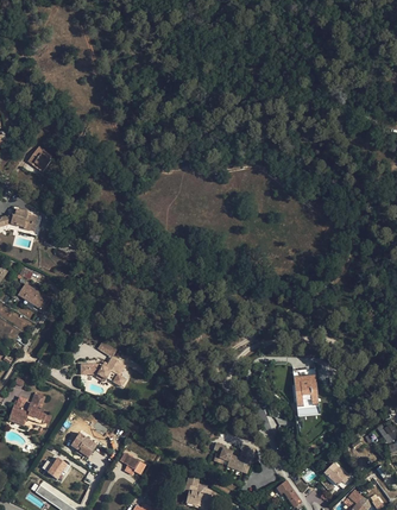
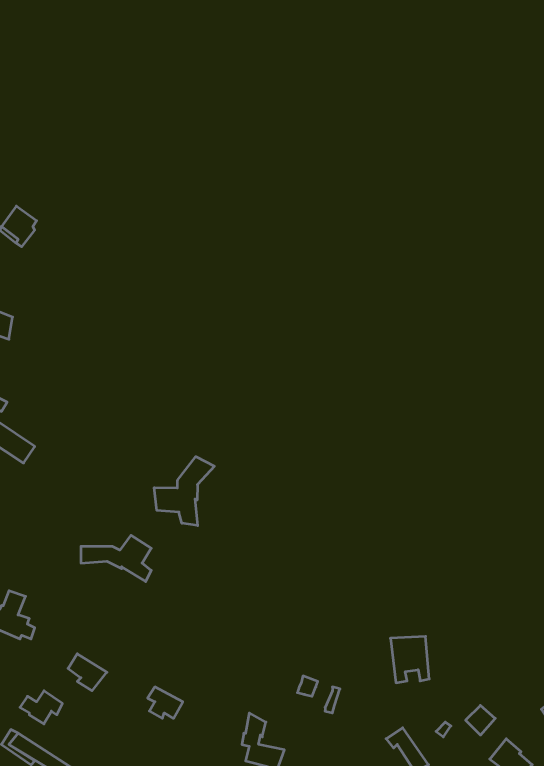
building: none -> [154,457,214,526]
building: [294,376,319,405] -> [390,636,429,683]

